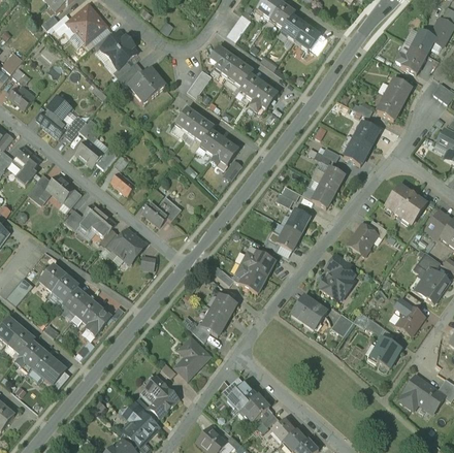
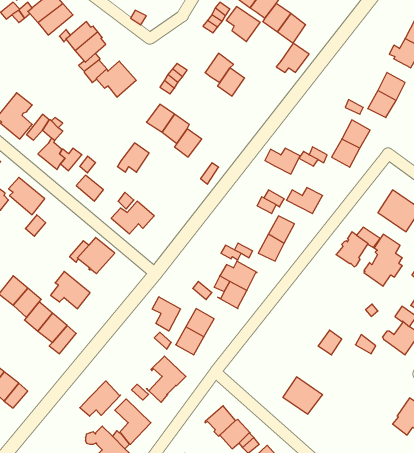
building: [209,46,240,78] -> [226,7,260,42]
building: [249,84,279,110] -> [276,43,309,72]
building: [209,139,238,166] -> [117,143,149,172]
building: [312,167,344,191] -> [265,148,300,174]
building: [79,203,116,237] -> [51,271,90,309]
building: [319,253,354,300] -> [364,234,402,286]
building: none -> [152,297,181,331]
building: [291,295,327,329] -> [283,377,323,414]
building: [371,337,401,369] -> none
building: none -> [80,381,121,416]

